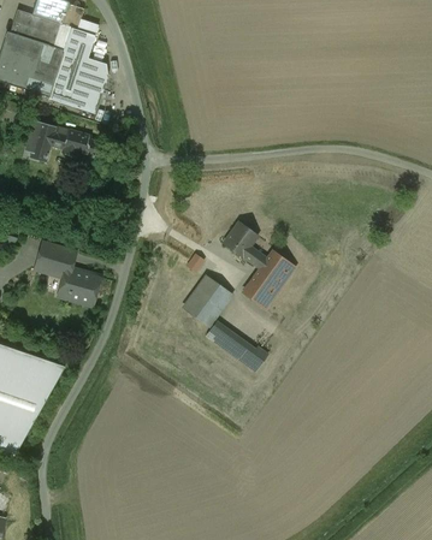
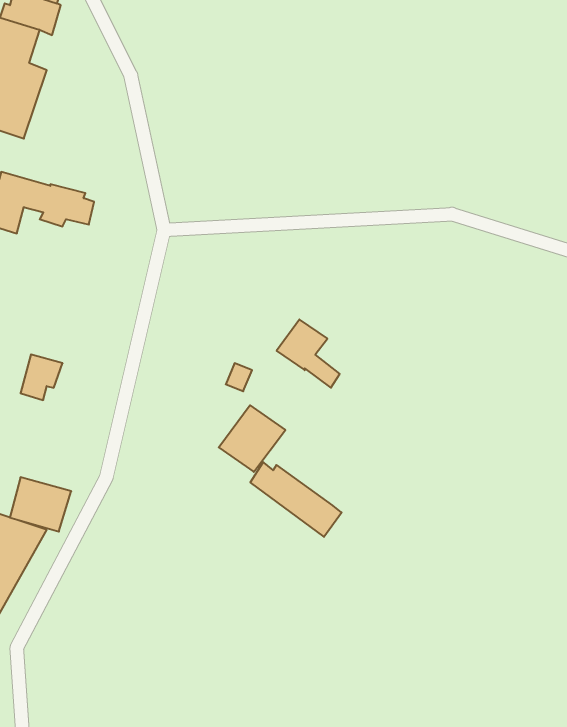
building: [49,28,107,112] -> none
building: [243,251,292,308] -> none
building: [58,267,100,304] -> [10,477,71,532]

